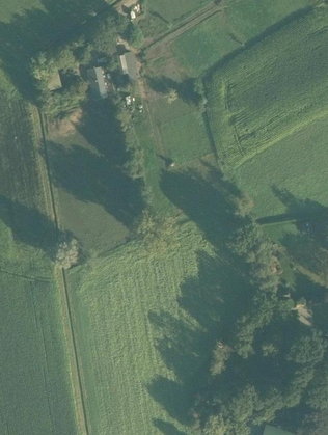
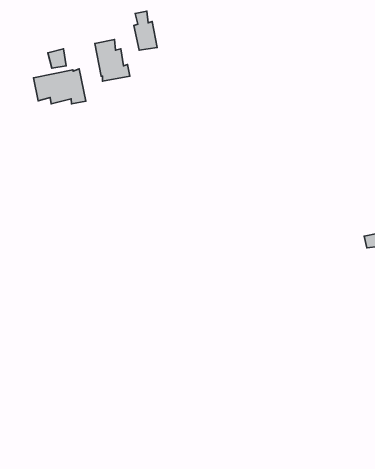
building: none -> [33,69,86,104]

